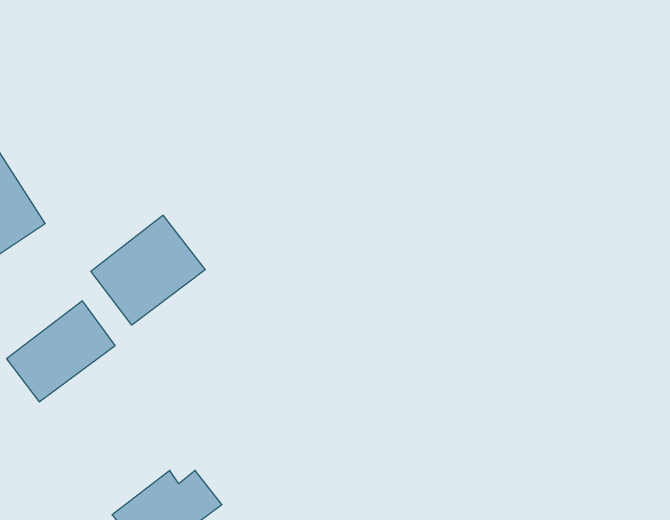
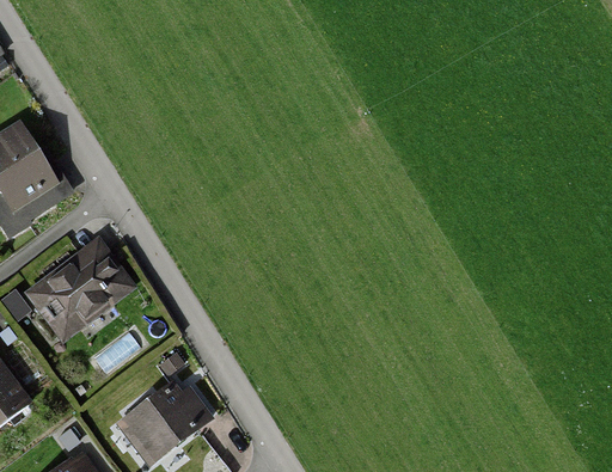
building: [91,215,205,325] -> none

